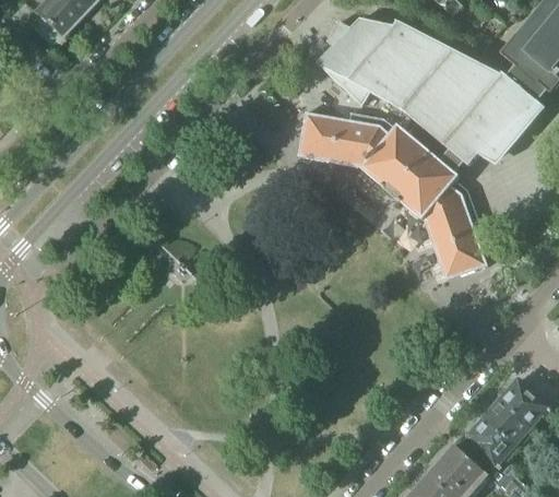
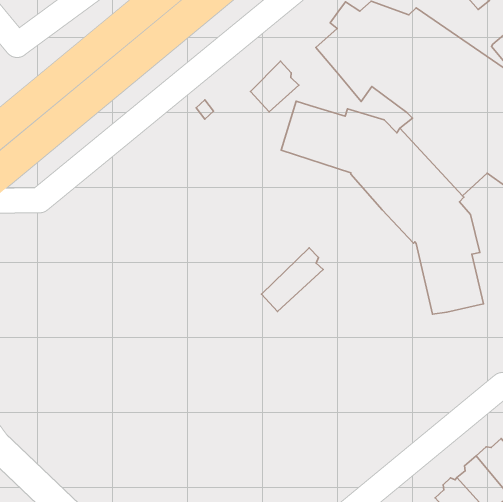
building: none -> [250,61,299,112]
building: none -> [261,248,323,312]

